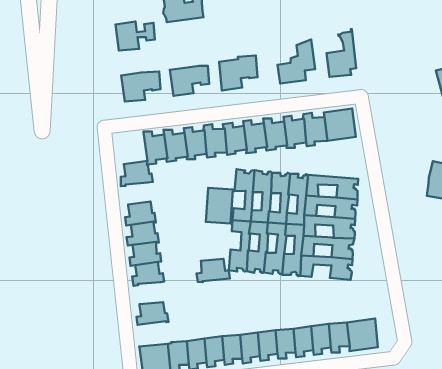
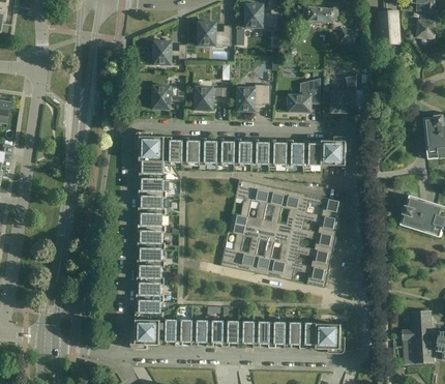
building: none -> [140,137,165,161]
building: none -> [139,179,166,198]
building: [206,188,233,224] -> none
building: [197,259,230,282] -> [137,266,165,285]
building: none -> [136,301,164,321]

